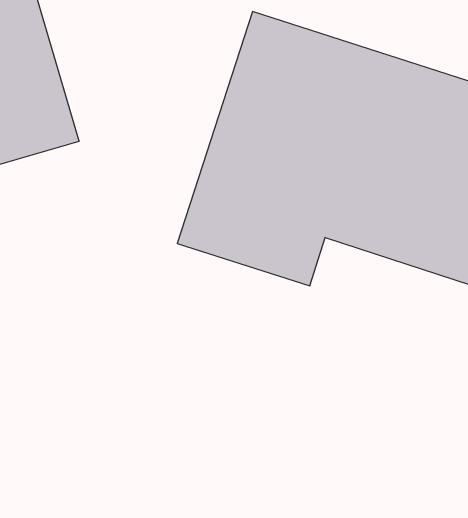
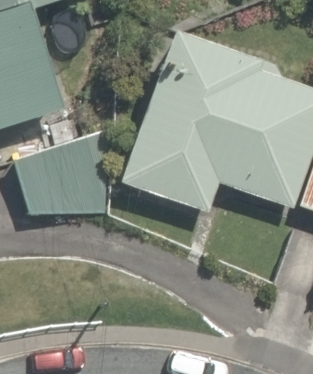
building: none -> [11,136,116,220]

